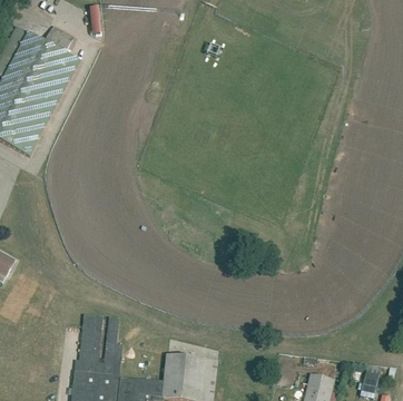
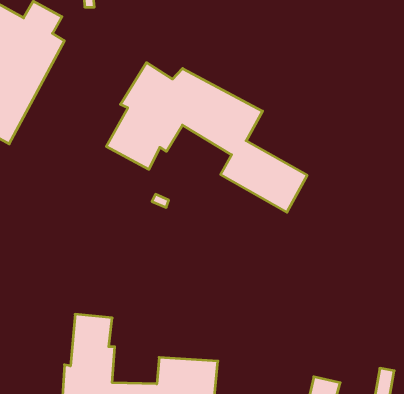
building: none -> [106,63,307,212]

